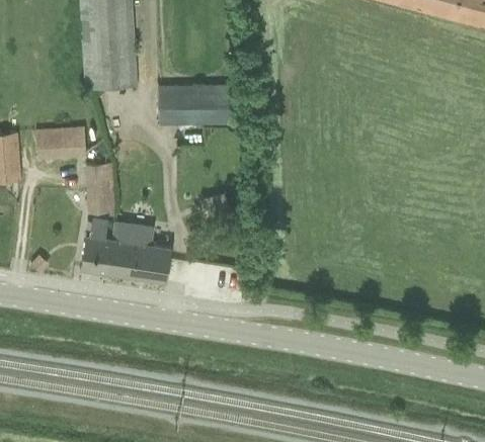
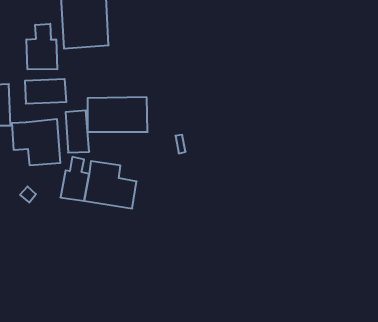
building: none -> [26,24,57,69]
building: [158,83,230,124] -> [88,97,148,132]
building: none -> [12,119,60,165]

